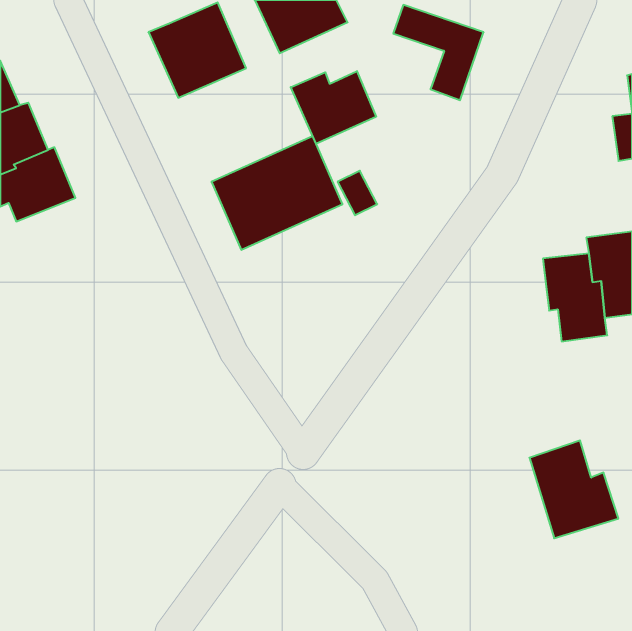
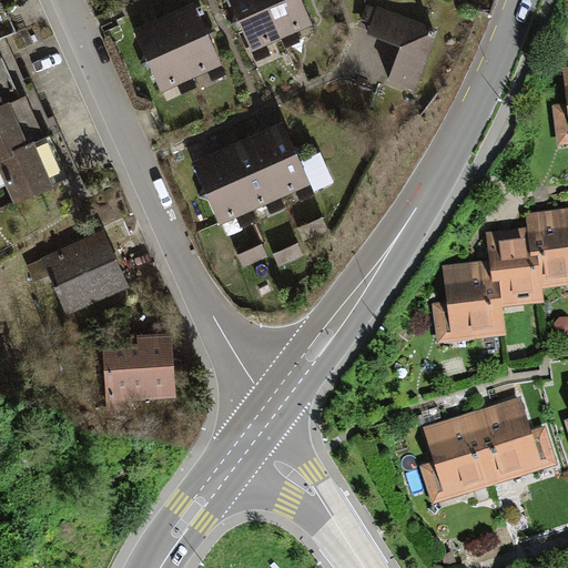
building: [291,71,376,144] -> none
building: none -> [24,232,125,313]
building: none -> [434,261,507,344]
building: none -> [98,327,173,414]
building: none -> [416,412,497,505]

